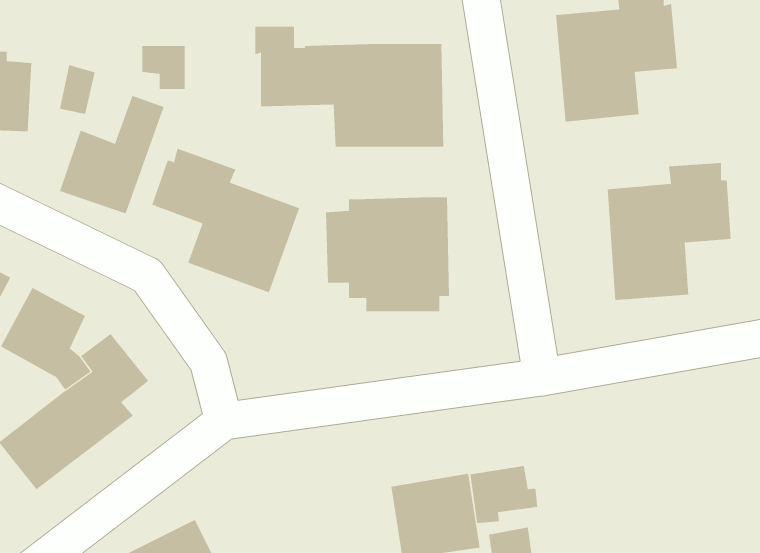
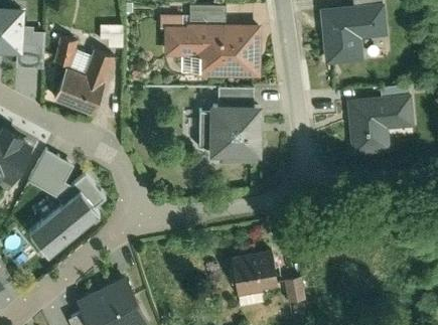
building: none -> [189,6,226,25]
building: [151,148,300,293] -> none
building: none -> [216,89,253,106]
building: [470,465,538,524] -> none

